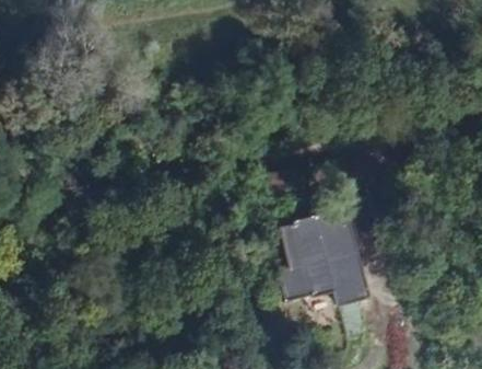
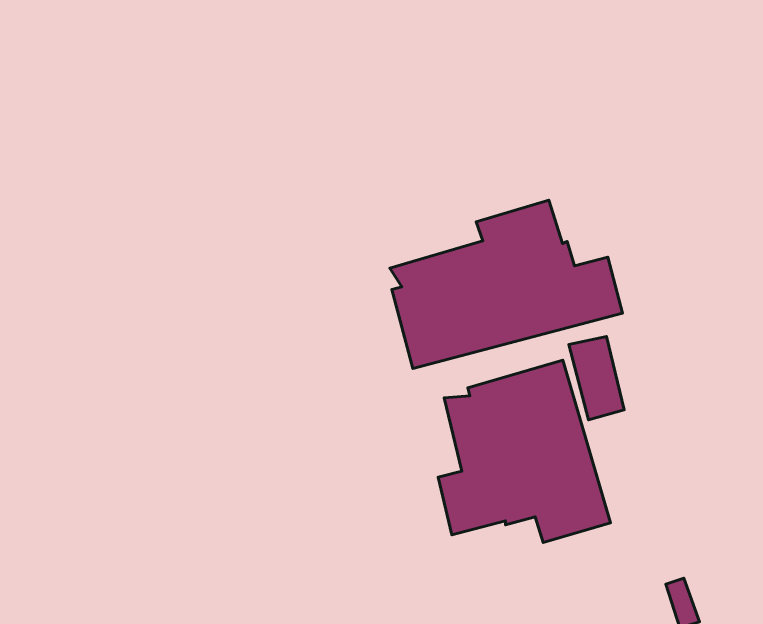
building: none -> [390,200,623,369]

